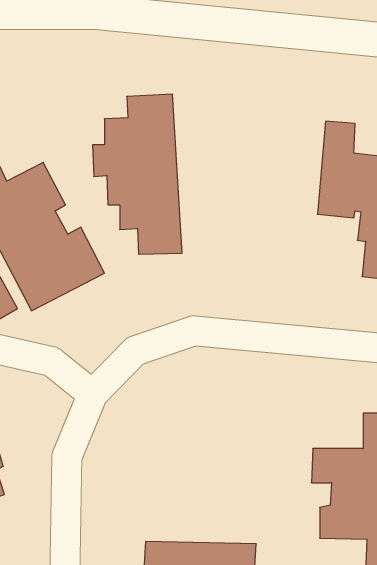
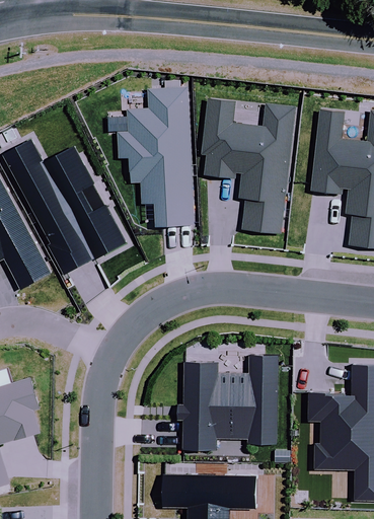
building: none -> [202,98,295,233]
building: none -> [175,354,282,452]

